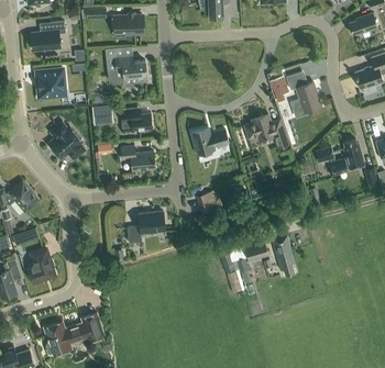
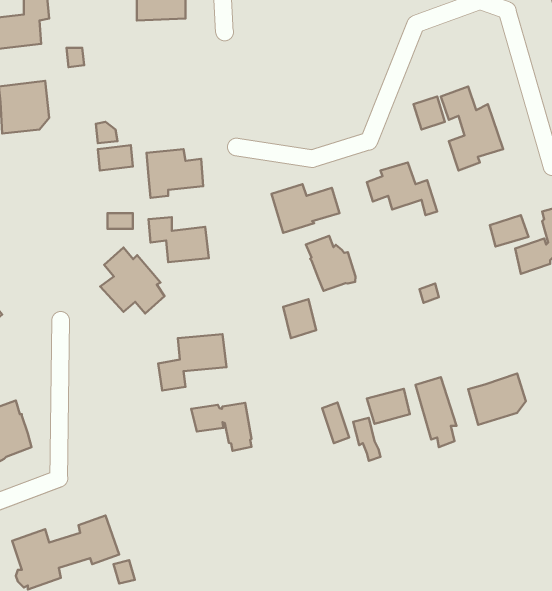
building: [107,55,146,85] -> none
building: [48,122,85,159] -> [100,247,164,314]
building: none -> [306,236,355,291]
building: none -> [468,373,526,425]
building: none -> [191,403,252,451]

